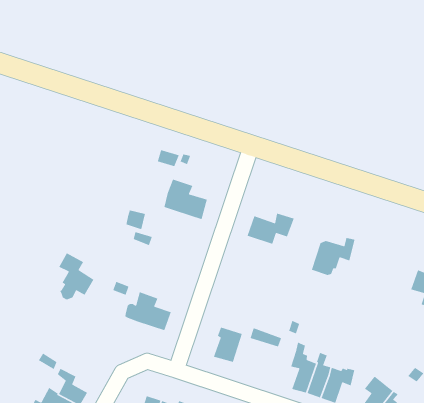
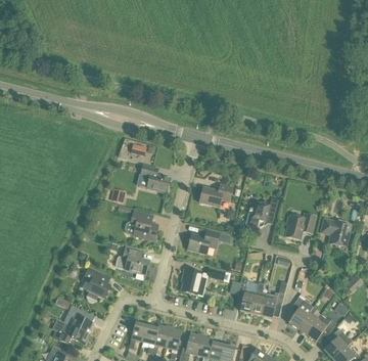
building: none -> [125,210,158,240]
building: [58,252,94,300] -> [84,267,110,302]
building: none -> [285,212,316,239]
building: none -> [187,230,219,254]

